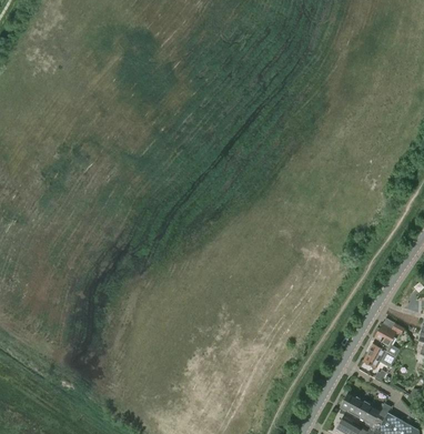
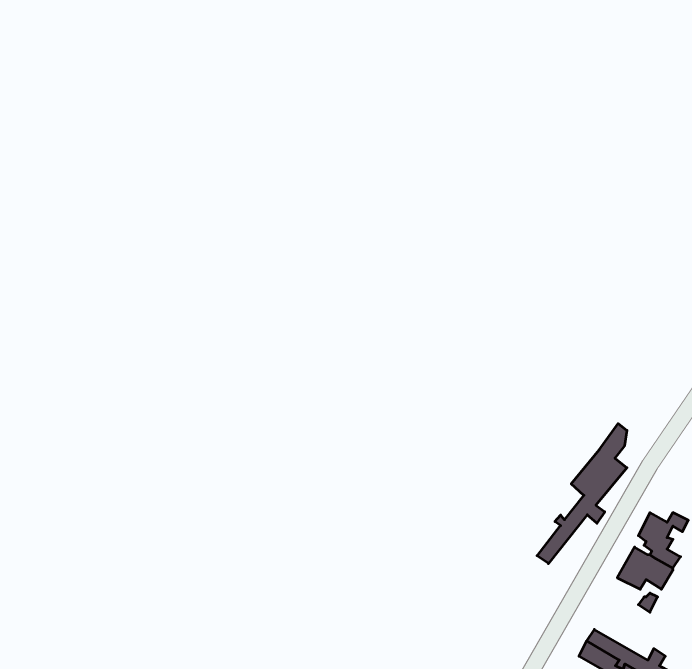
building: none -> [537,424,627,564]

